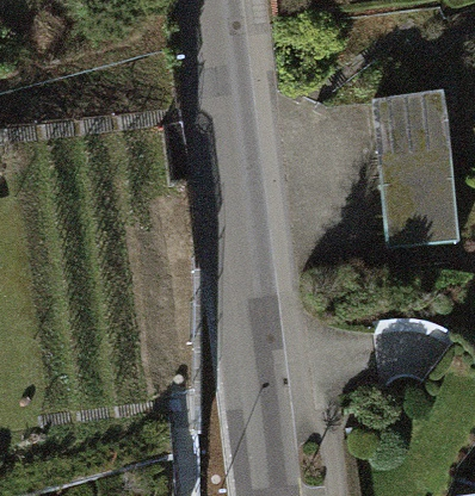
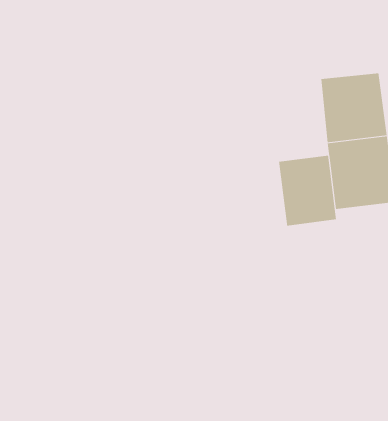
building: none -> [279,155,337,226]

